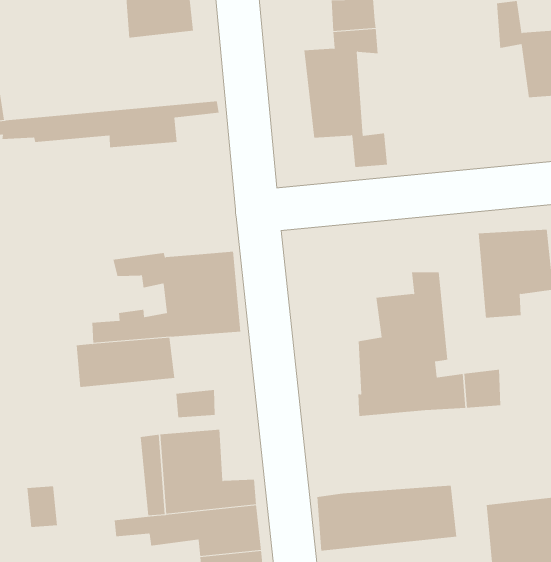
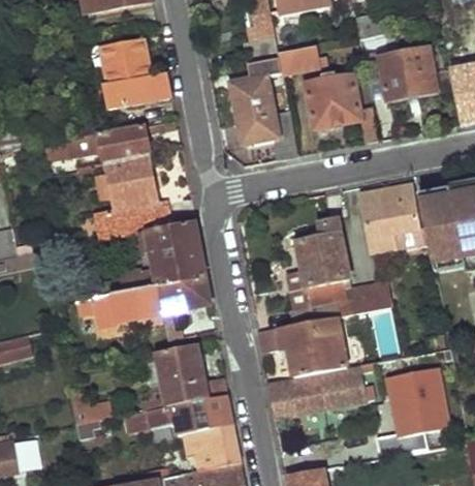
building: none -> [278,45,320,78]
building: none -> [91,71,171,108]
building: none -> [305,71,378,141]
building: none -> [97,151,171,237]
building: none -> [157,277,211,313]
building: none -> [257,320,346,382]

